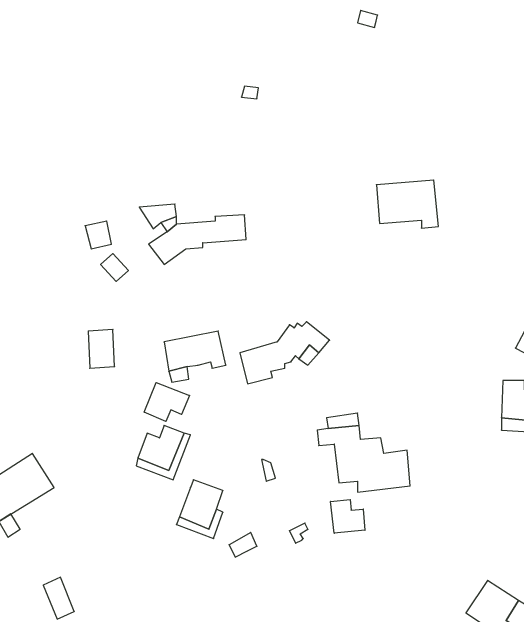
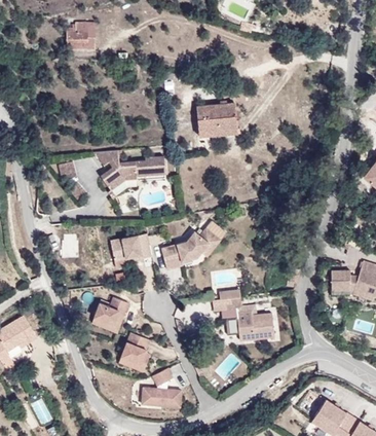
building: none -> [66,23,95,49]
building: [376,180,438,228] -> [195,103,236,135]
building: [144,383,190,421] -> none
building: [331,500,365,533] -> none
building: none -> [142,388,180,405]

